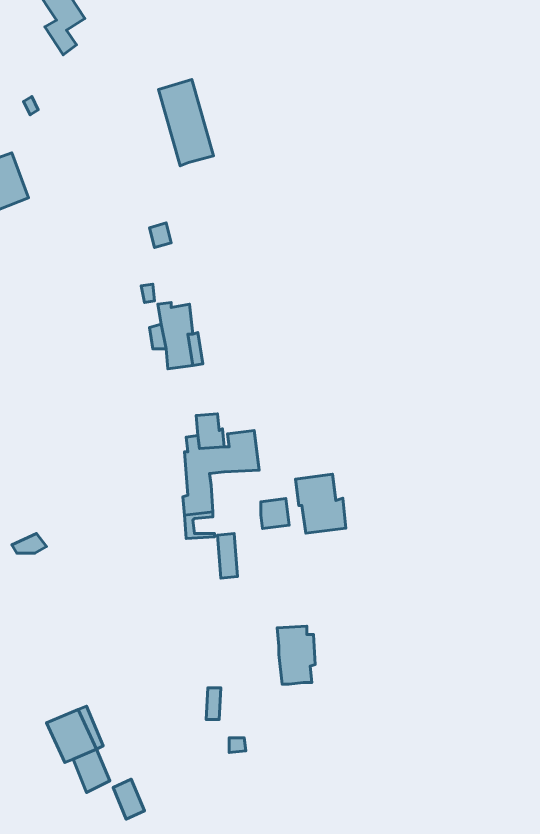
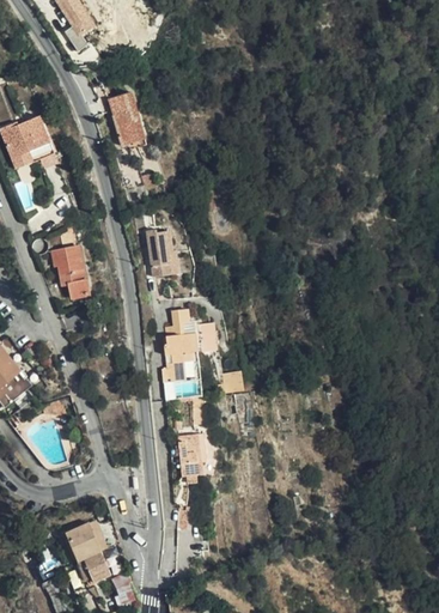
building: [159,80,213,166] -> [105,83,145,145]
building: none -> [55,243,91,293]
building: [296,474,346,533] -> none
building: [277,626,315,684] -> [179,433,207,475]

